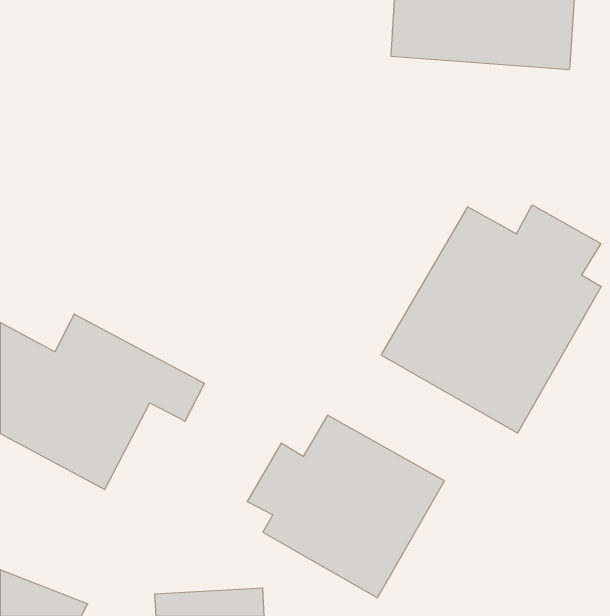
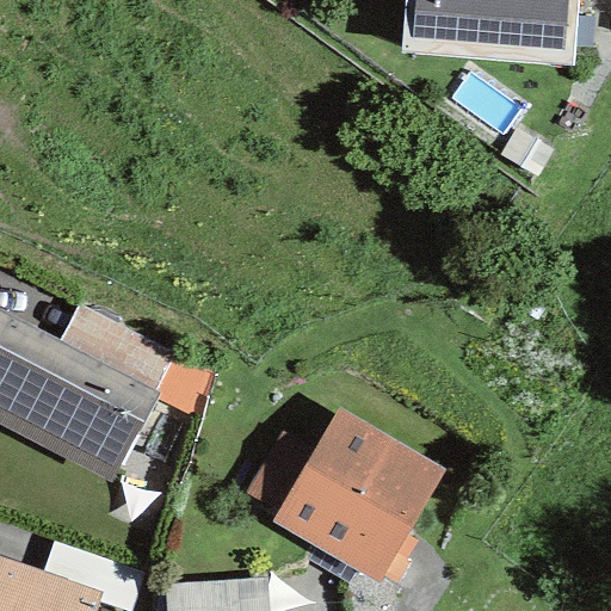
building: [381,205,601,433] -> none

